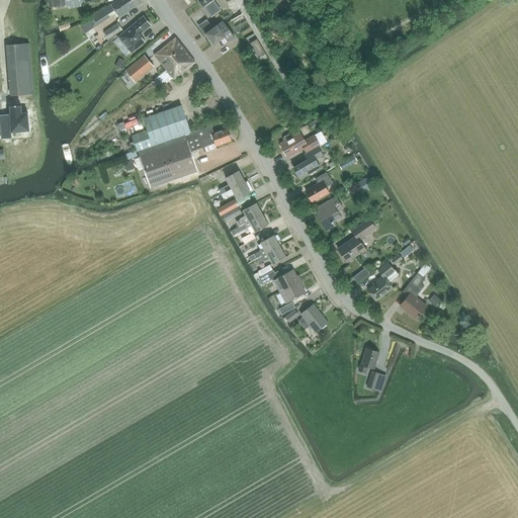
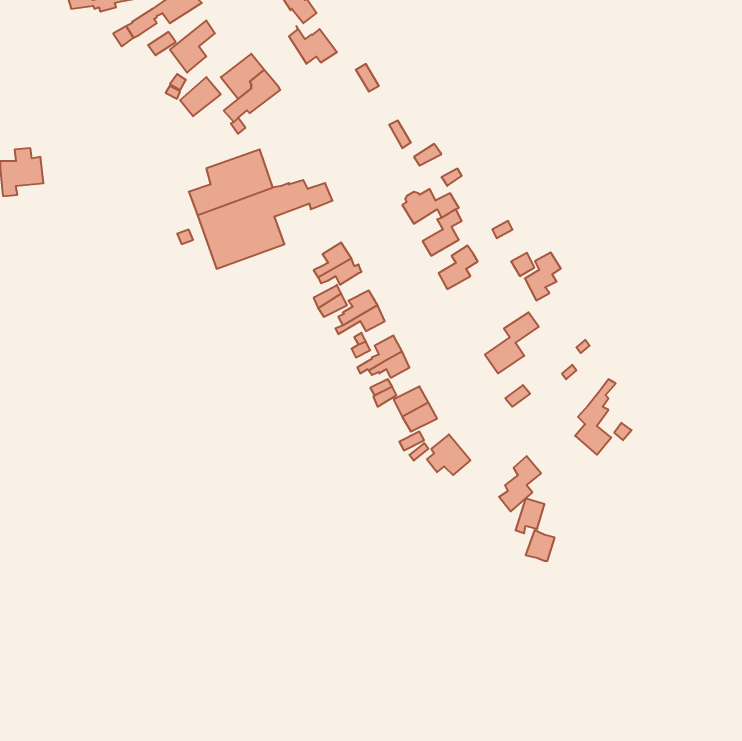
building: [9,41,33,94] -> none
building: [318,195,343,229] -> [525,252,561,300]
building: [368,261,398,299] -> [499,456,541,511]

